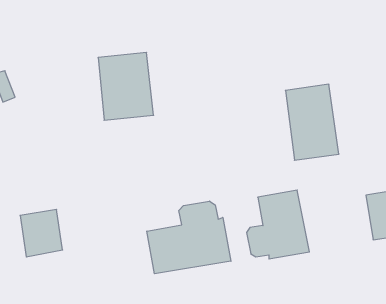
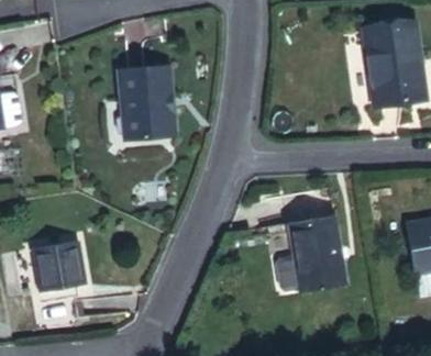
building: [285,84,339,160] -> [365,22,423,104]
building: [147,201,231,274] -> none

